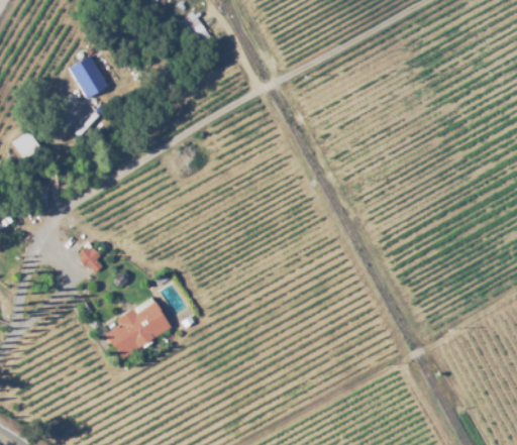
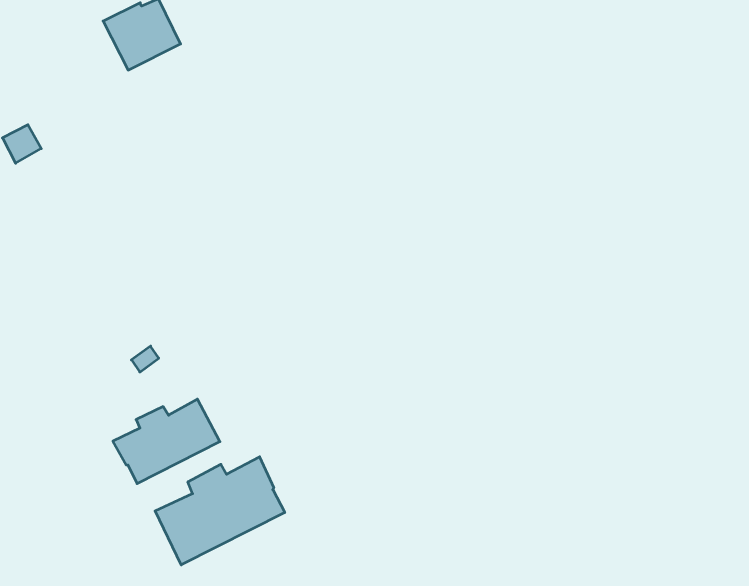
building: [78,245,103,272] -> none
building: none -> [155,457,285,565]

